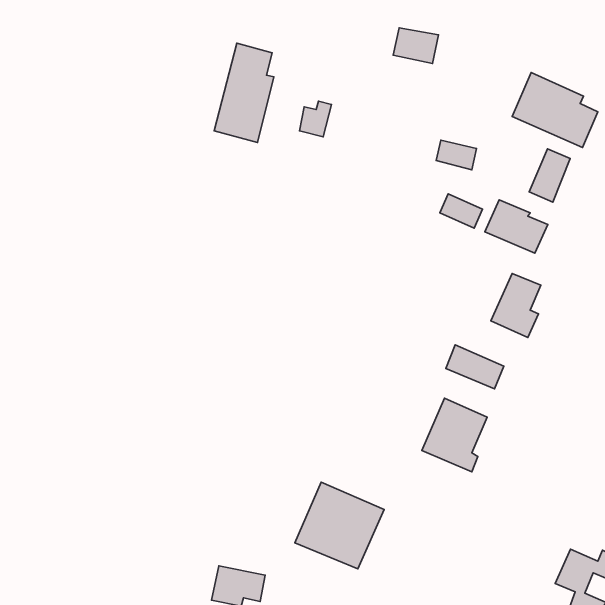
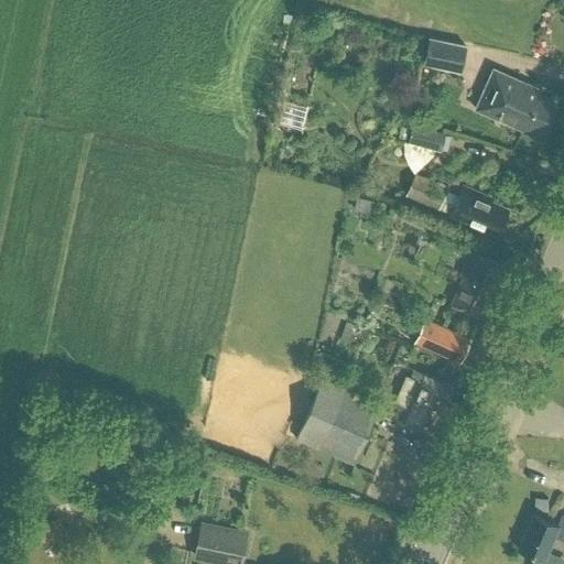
building: [393,28,438,64] -> [425,40,467,73]
building: [214,43,274,142] -> none
building: [529,149,570,202] -> none
building: [295,482,384,569] -> [299,383,381,464]

